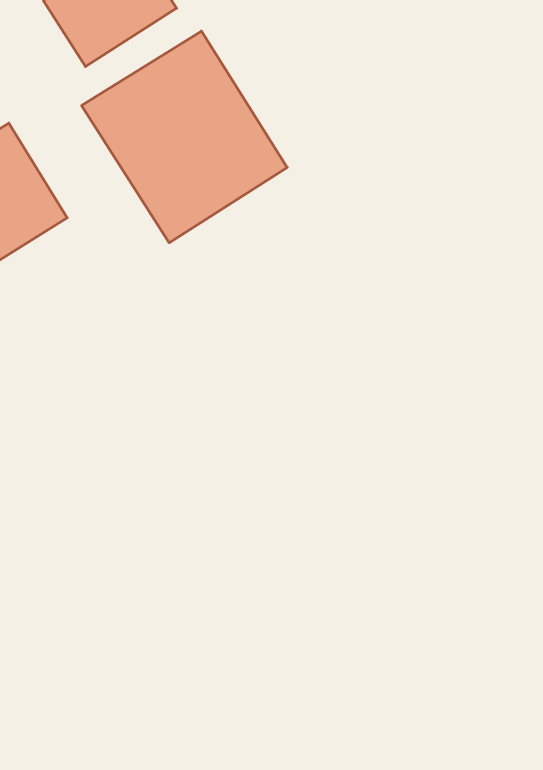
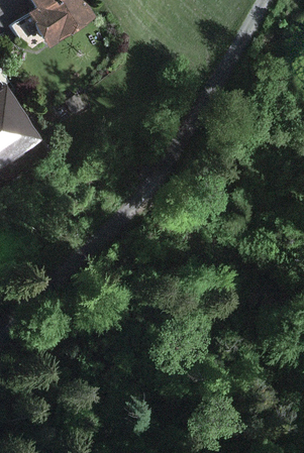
building: [82,31,287,243] -> none

